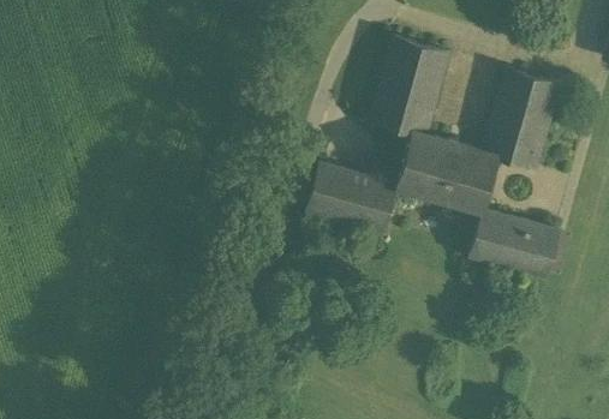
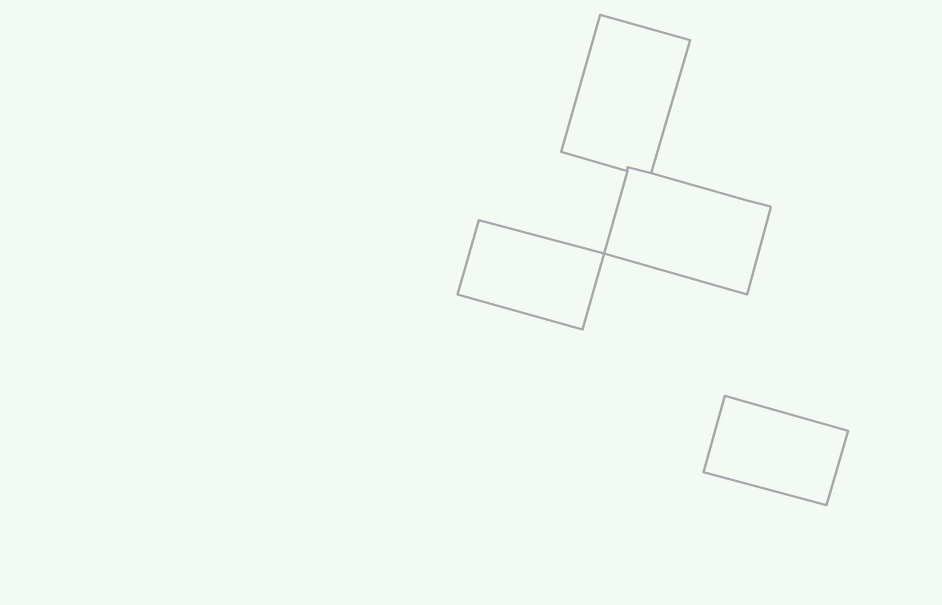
building: [484,71,557,168] -> none
building: [471,210,560,277] -> [703,396,848,505]

